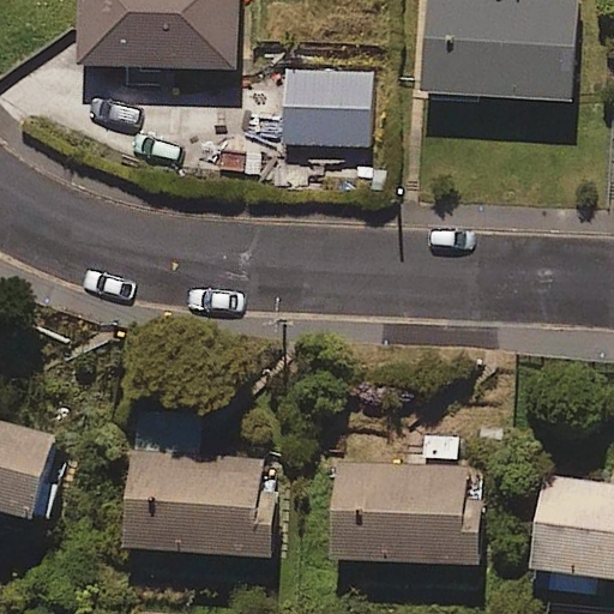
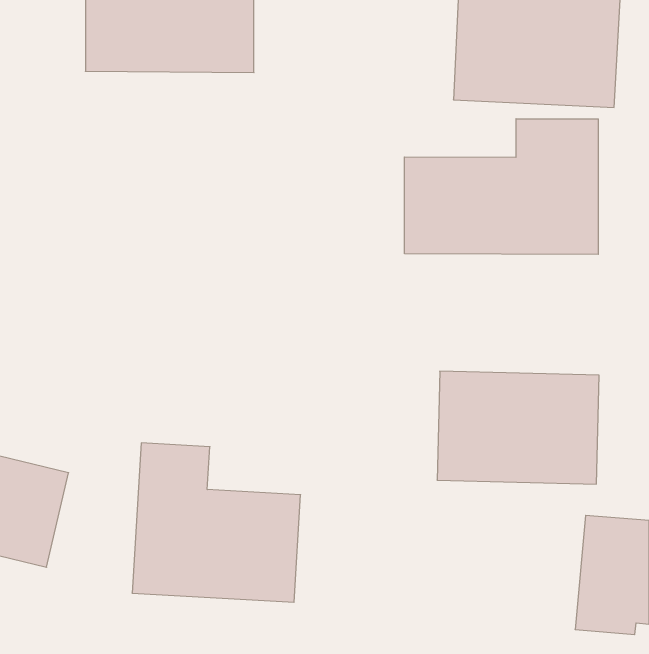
building: [281,66,365,143] -> none
building: none -> [405,119,598,254]
building: [333,460,483,565] -> [437,371,599,484]

